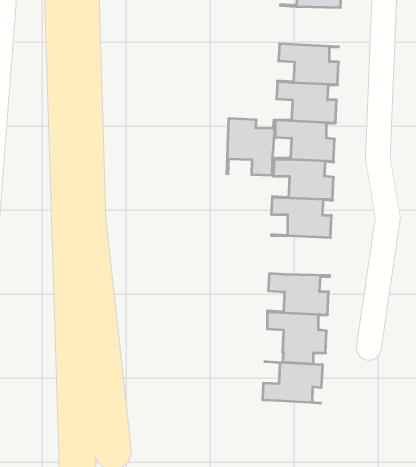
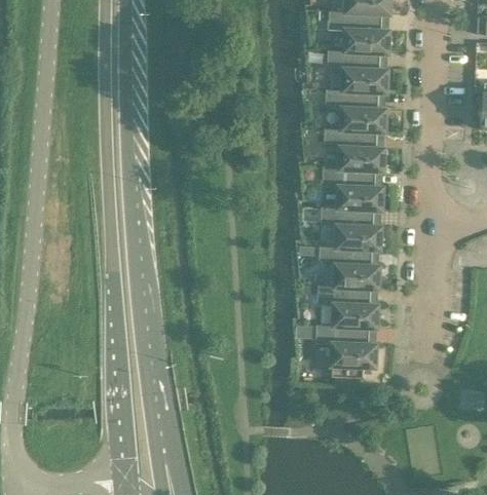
building: none -> [328,10,390,52]
building: [227,118,275,175] -> none
building: none -> [317,245,380,287]
building: [263,362,322,403] -> none

